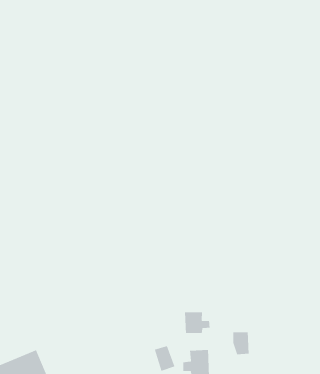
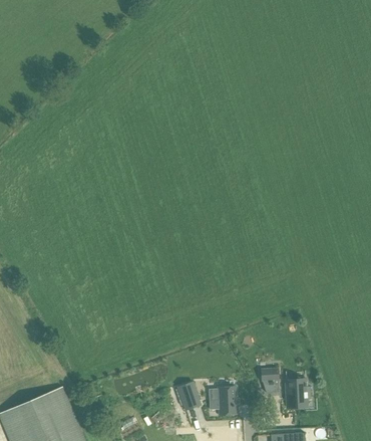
building: [184,312,211,334] -> none
building: none -> [286,382,310,409]

